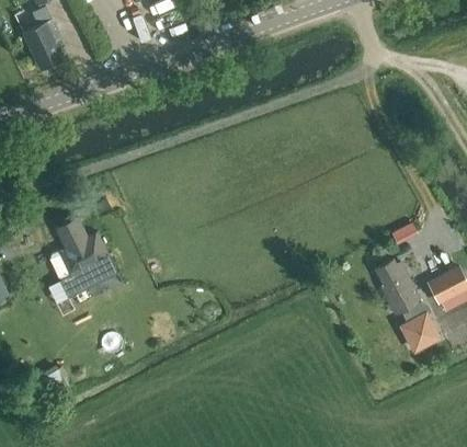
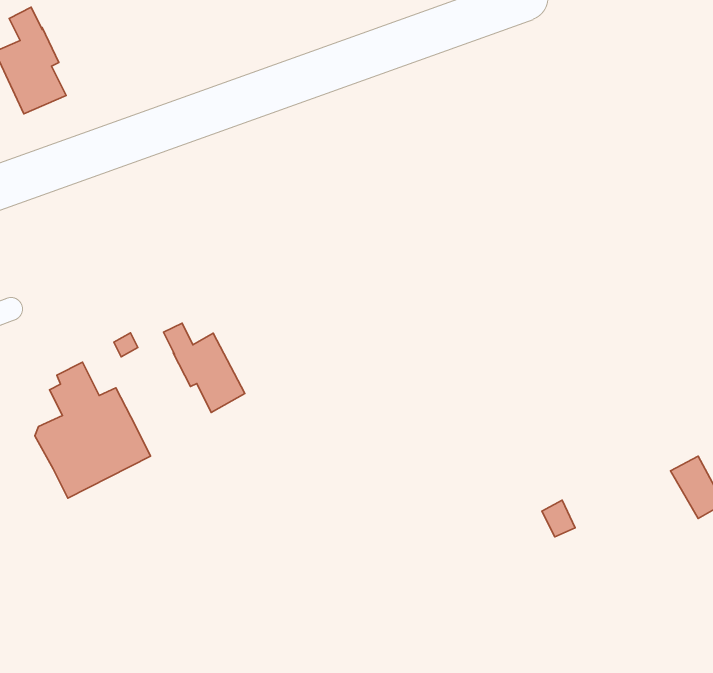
building: none -> [164,323,245,413]
building: [375,259,440,349] -> none

